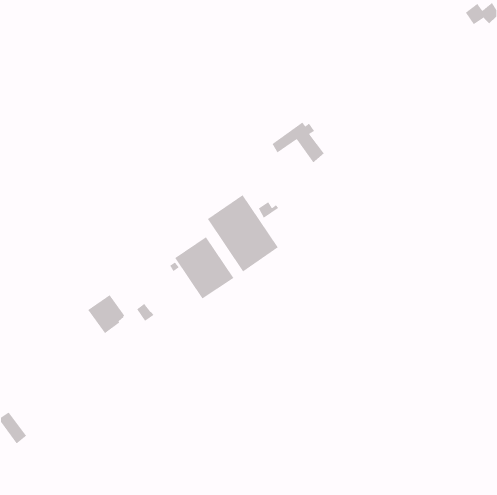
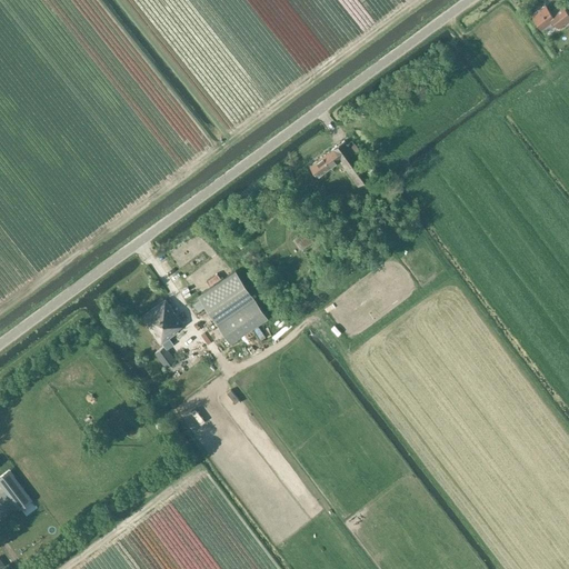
building: [207,194,279,272] -> none
building: [87,294,125,334] -> [141,301,184,347]

